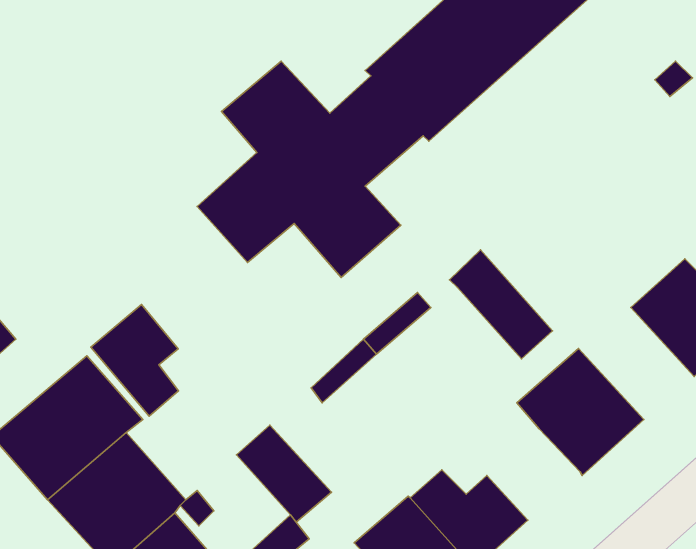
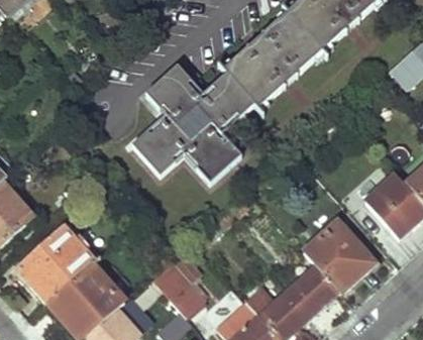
building: [450,250,552,359] -> none
building: [91,304,178,416] -> none
building: none -> [288,264,338,314]

